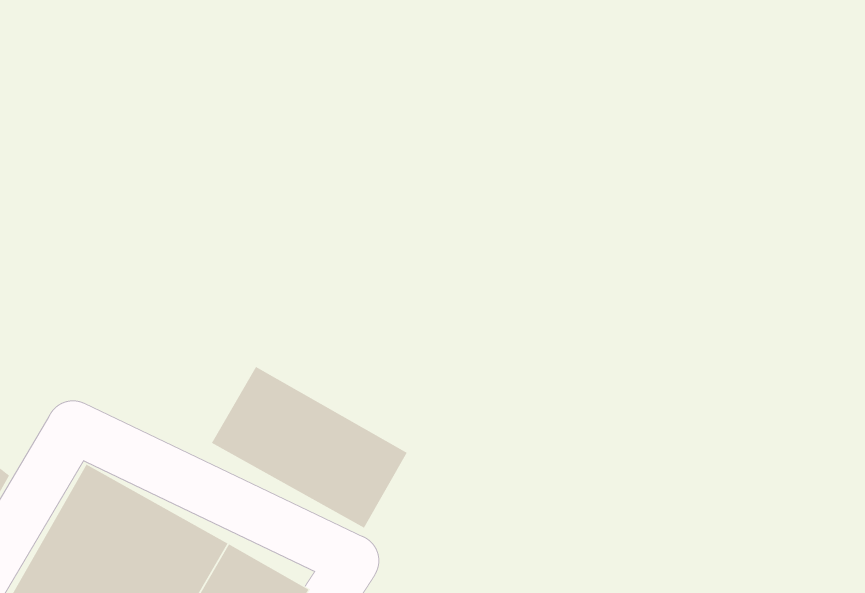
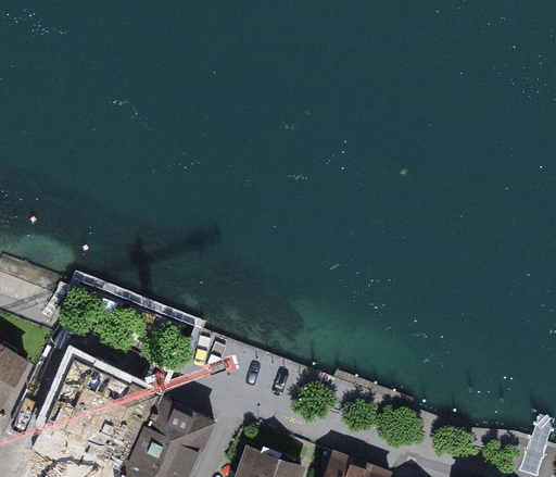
building: [211,366,407,529] -> none

